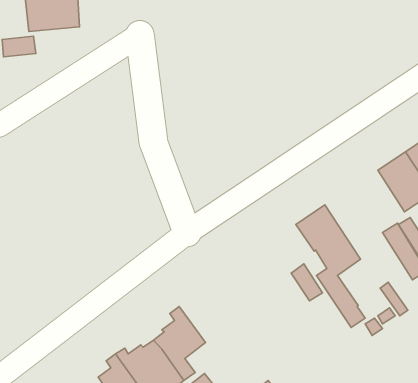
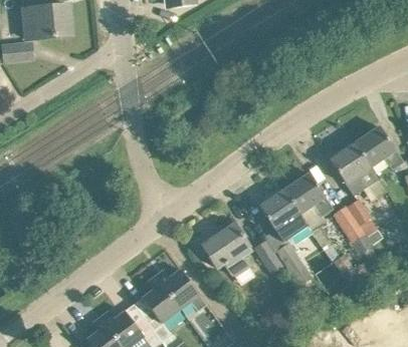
building: none -> [283,172,332,236]
building: none -> [201,222,251,275]
building: none -> [157,268,206,310]

